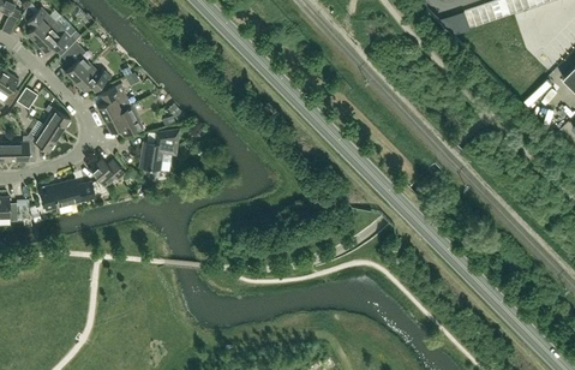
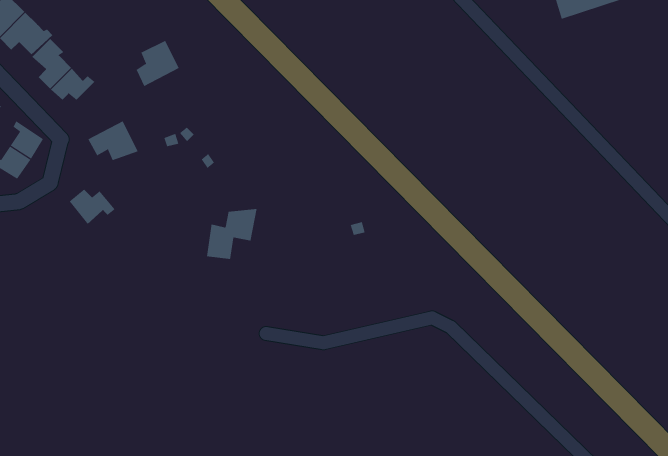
building: [97,84,131,120] -> [136,40,179,87]
building: [139,130,179,169] -> [206,208,257,260]
building: [42,180,95,210] -> none

